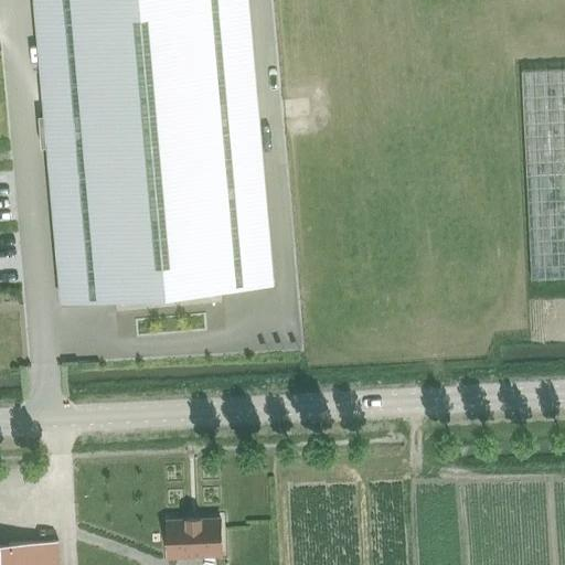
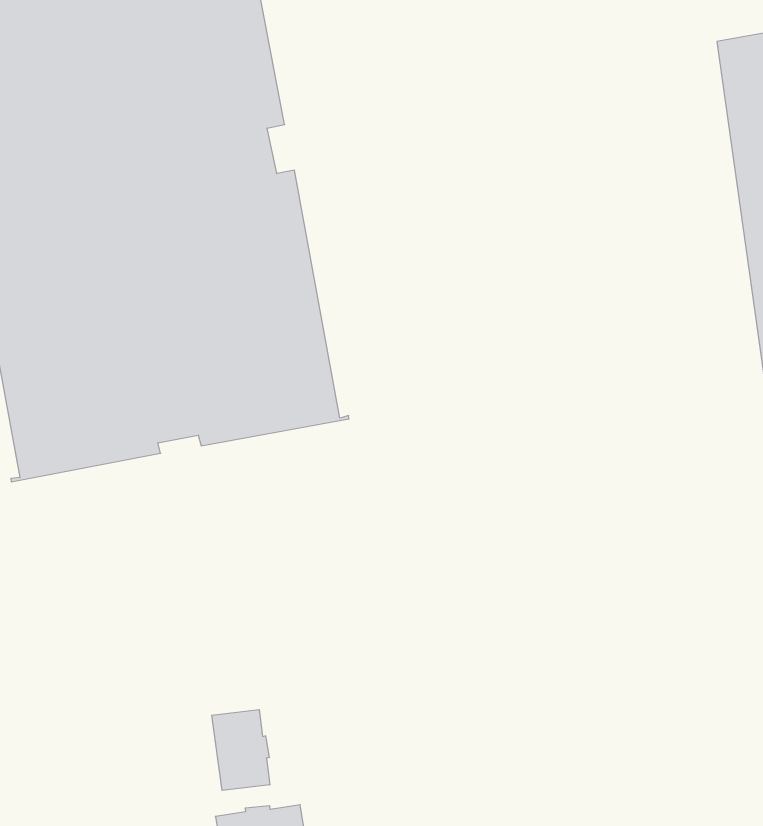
building: none -> [212,710,270,790]

